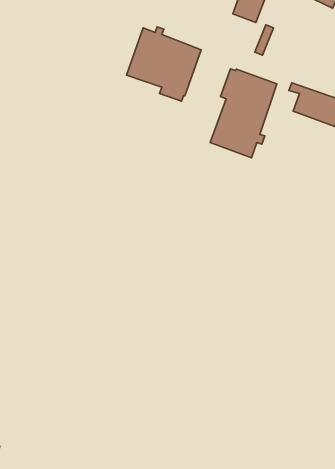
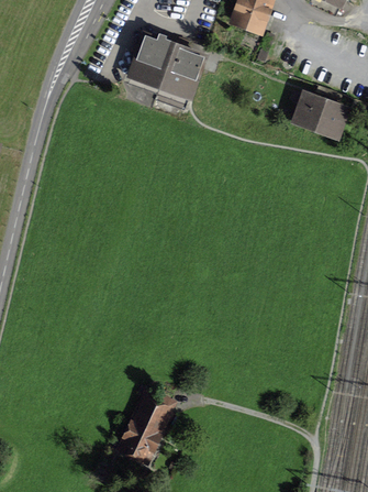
building: [210,69,277,158] -> none
building: none -> [122,390,175,459]

